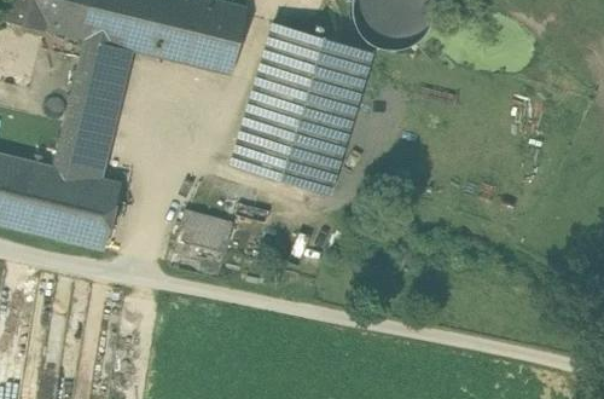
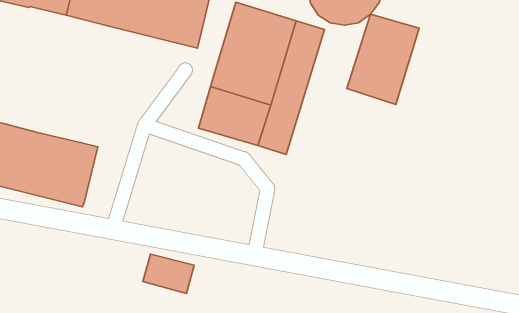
building: none -> [347,14,419,105]
building: [54,37,133,178] -> none
building: [178,209,234,253] -> [143,254,194,293]

